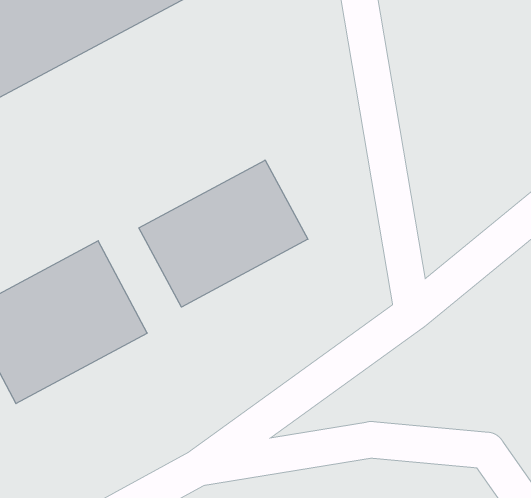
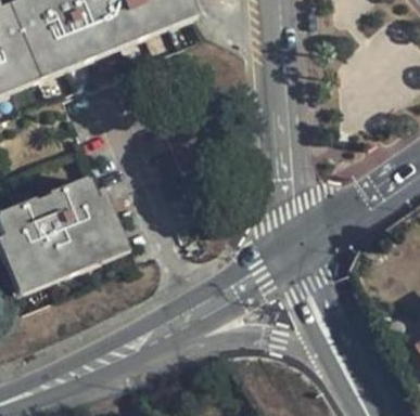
building: [139,160,308,307] -> none

